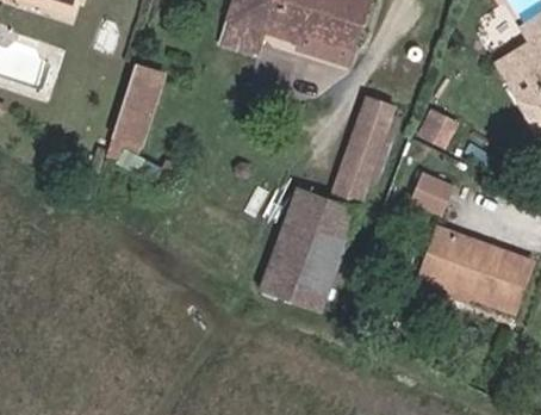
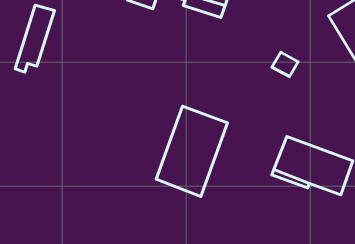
building: [108,66,162,157] -> [15,5,54,72]
building: [331,95,396,203] -> none
building: [411,172,454,215] -> none

